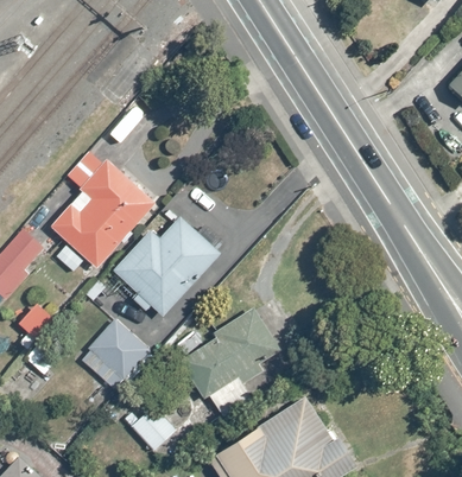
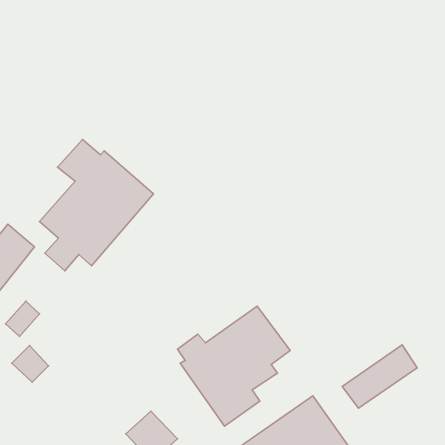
building: [100,218,216,318] -> none
building: [81,319,152,393] -> none
building: none -> [342,345,417,408]

